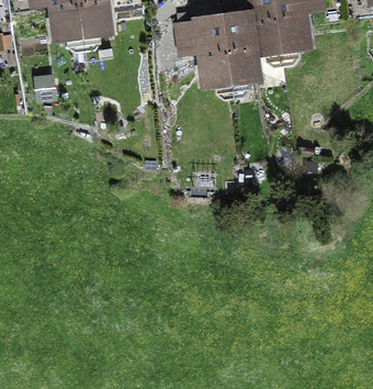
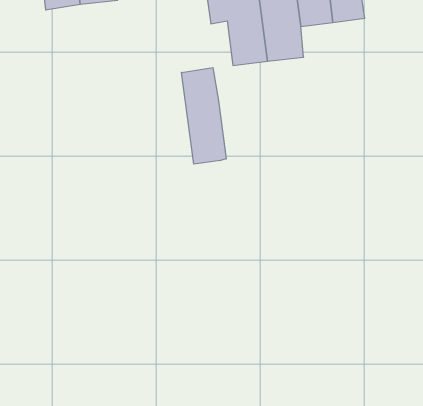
building: none -> [182,68,226,164]

